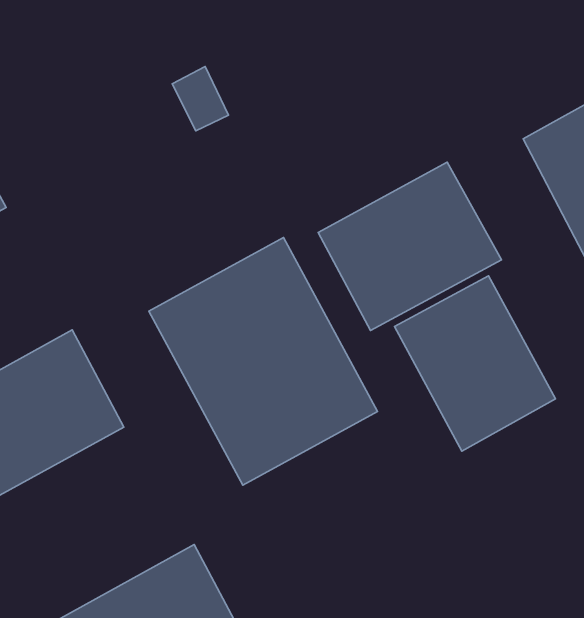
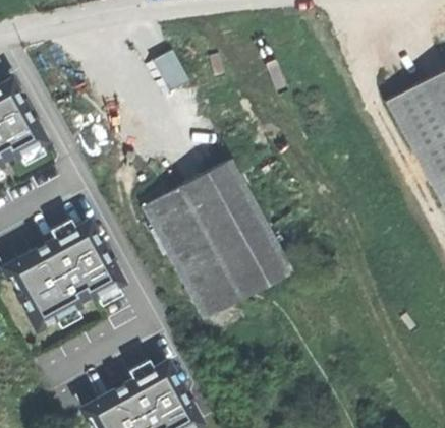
building: [318,162,502,331] -> none
building: [394,276,556,451] -> none

